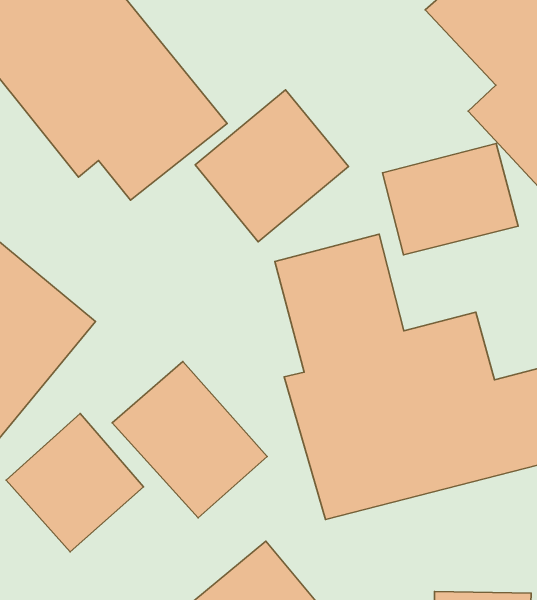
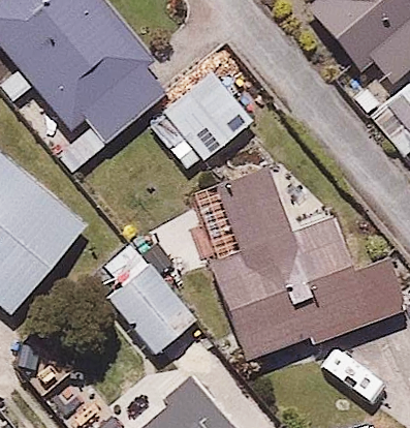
building: [382,143,518,255] -> none
building: [6,414,144,552] -> none

